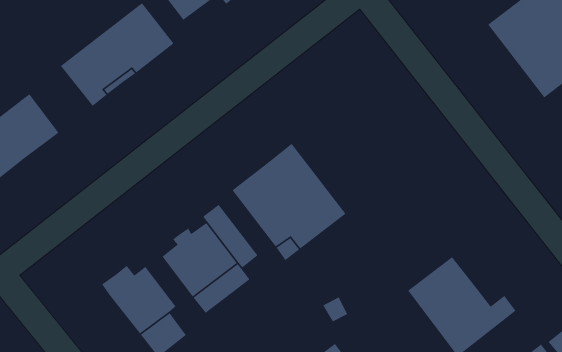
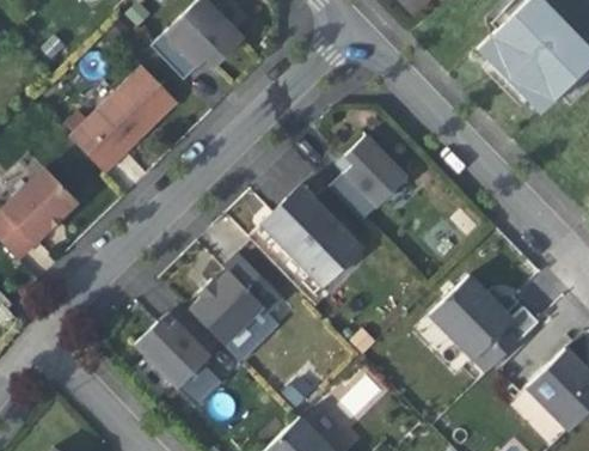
building: none -> [330,134,409,220]

